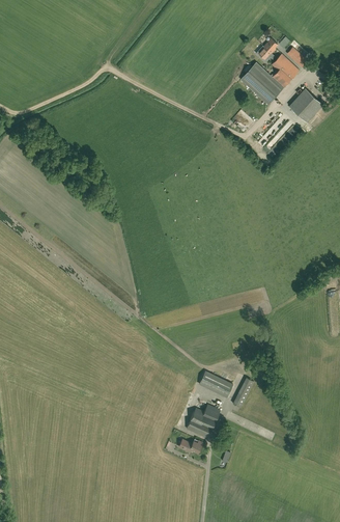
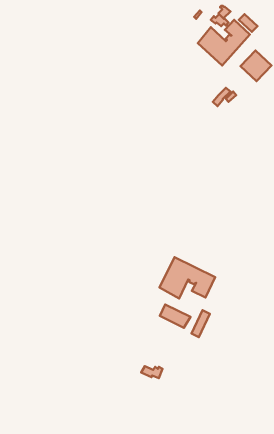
building: none -> [160,257,215,299]
building: [186,404,220,437] -> none

